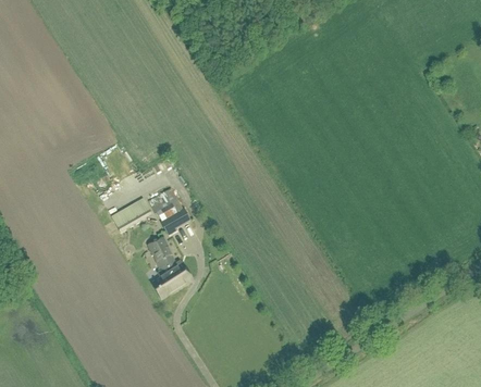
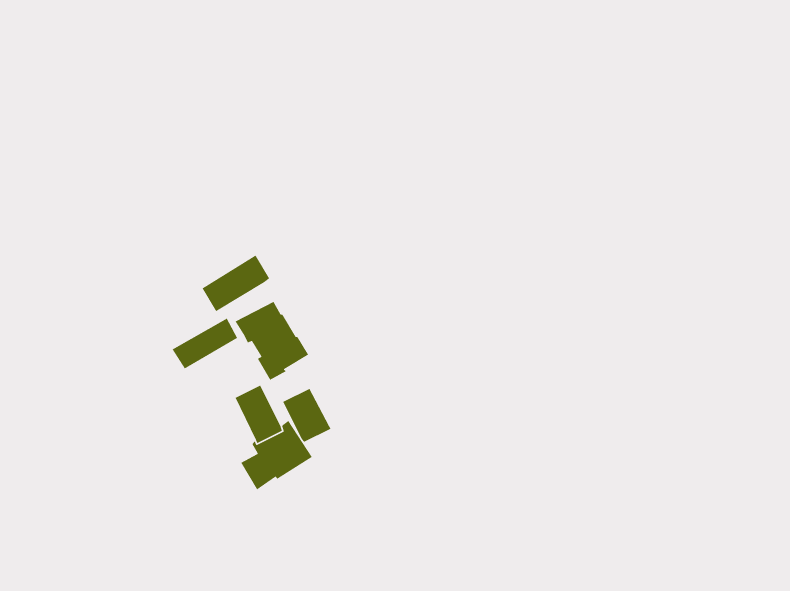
building: none -> [202,255,270,312]
building: none -> [282,388,332,443]

